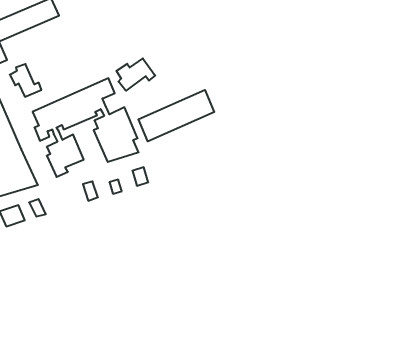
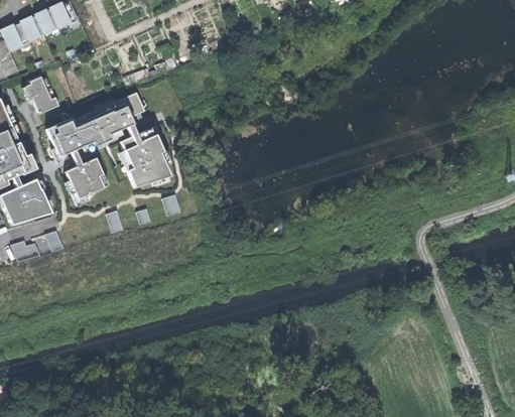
building: [116,58,155,91] -> none
building: [138,90,214,141] -> none

